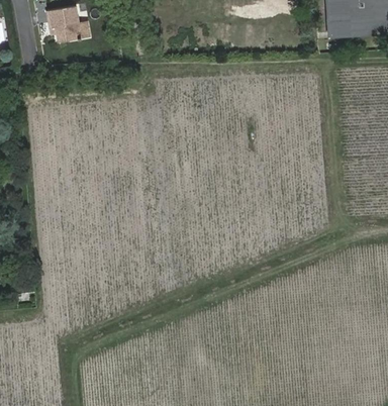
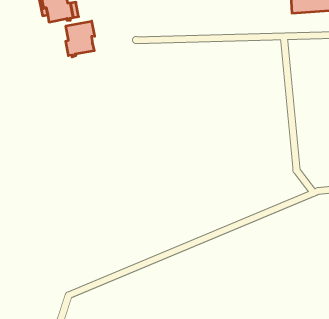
building: none -> [66,21,95,57]

